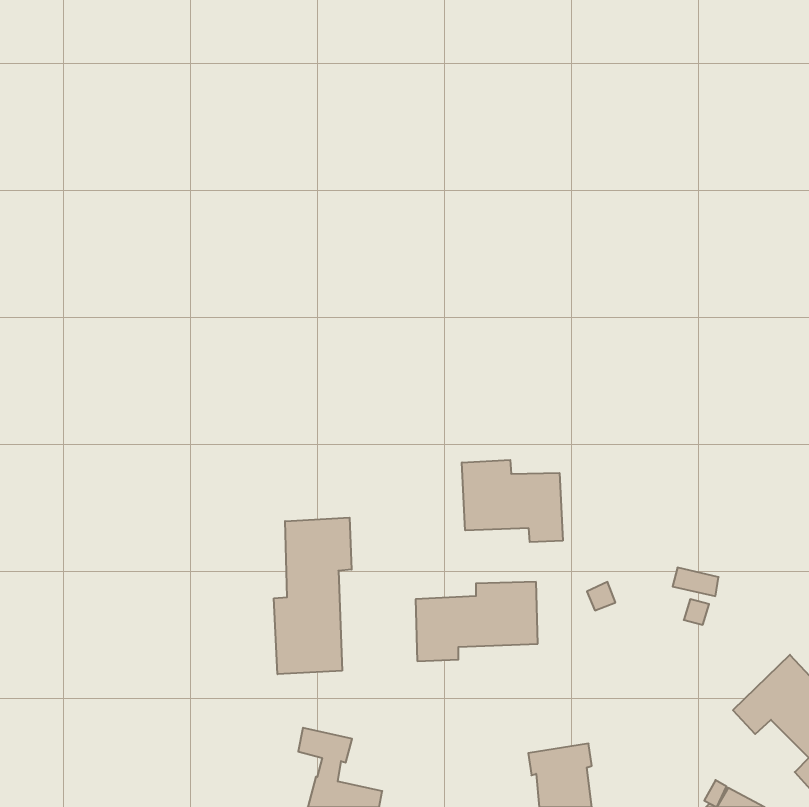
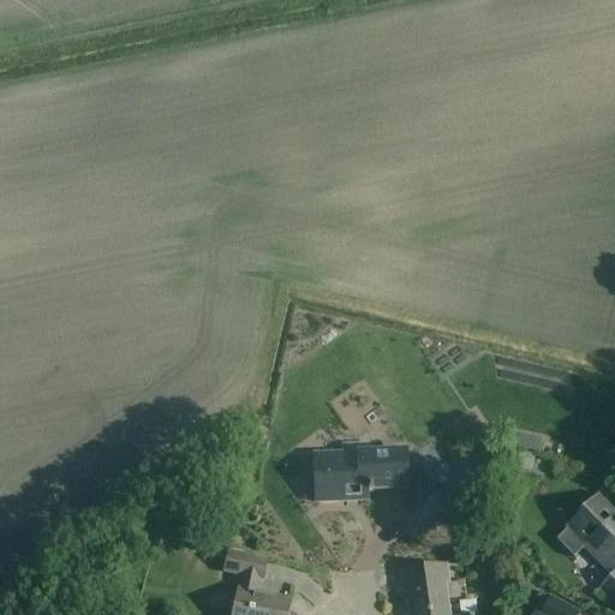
building: [462,460,563,542] -> none
building: [274,518,352,674] -> none

